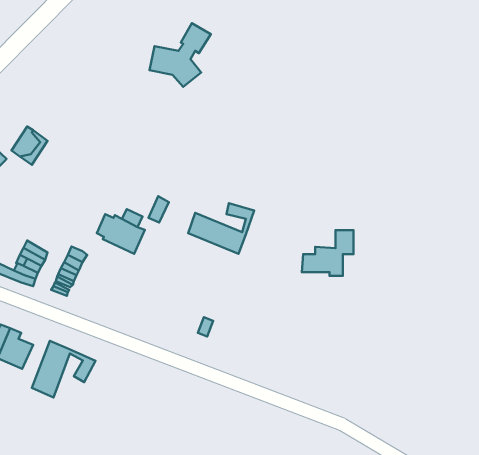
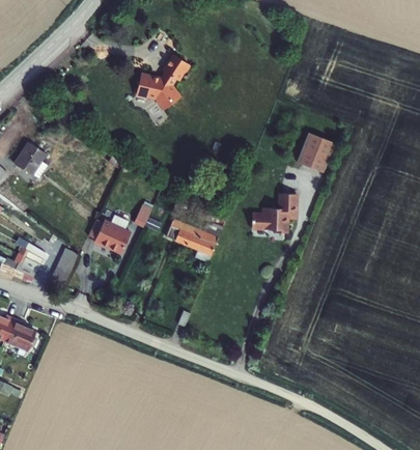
building: none -> [296,132,333,172]
building: [302,230,354,276] -> [252,193,297,232]
building: [32,341,95,397] -> none

